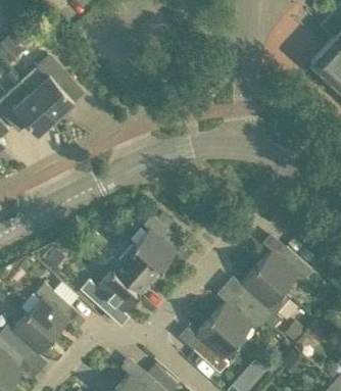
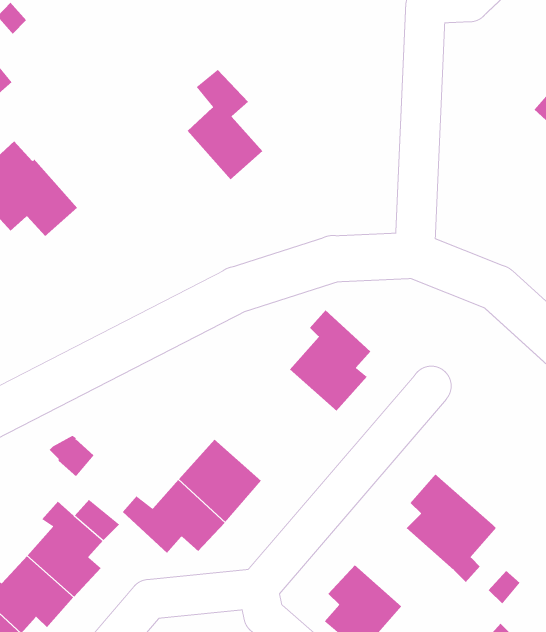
building: [31,56,74,118] -> [187,69,263,180]
building: [132,214,178,272] -> [289,309,371,411]
building: [255,247,311,296] -> none
building: [210,298,265,342] -> none

